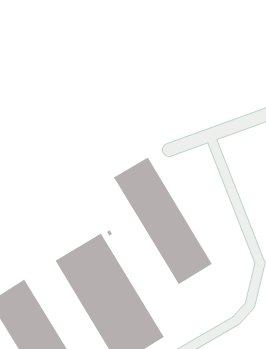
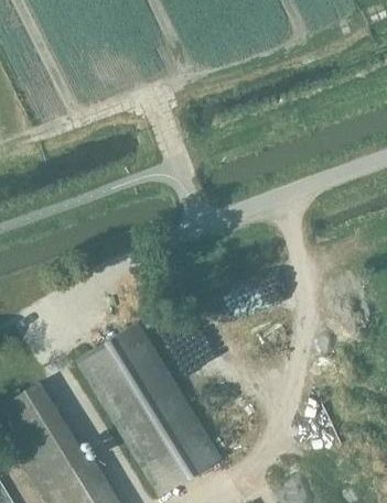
building: [113,156,213,285] -> none

